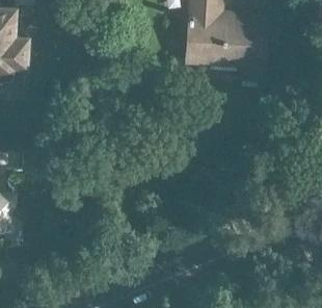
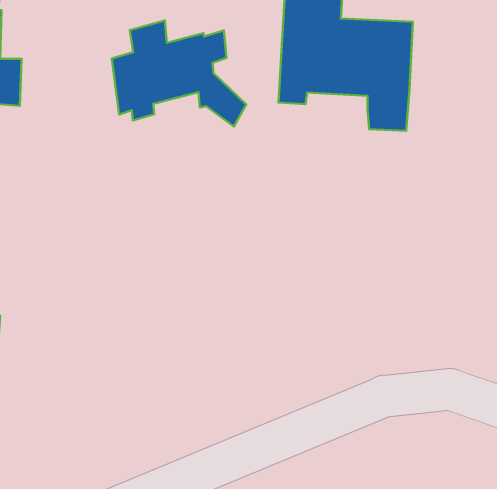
building: none -> [112,21,246,126]

